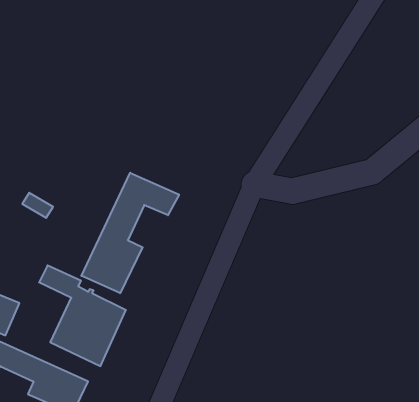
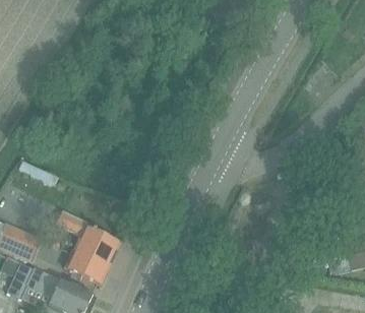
building: [81,173,179,293] -> none

